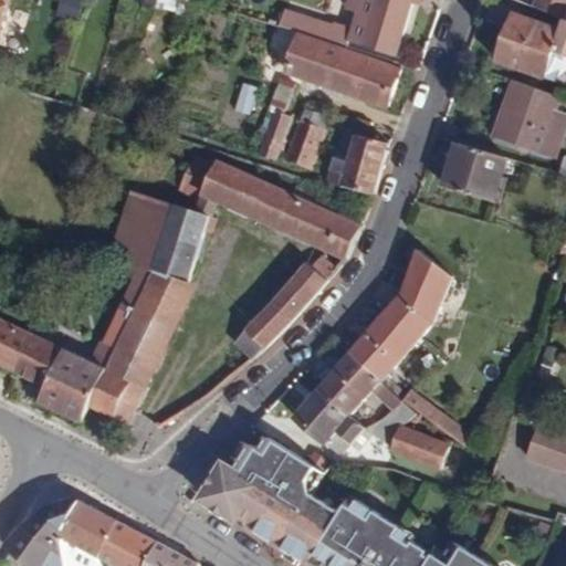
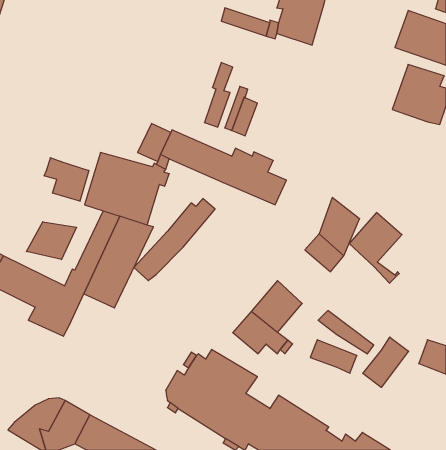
building: [284,36,397,106] -> none
building: [327,134,385,193] -> none
building: [442,143,504,200] -> none
building: none -> [44,158,89,201]
building: [232,256,334,359] -> [134,199,215,281]
building: none -> [26,222,77,260]
building: [348,313,415,401] -> [349,213,402,283]
building: [87,368,146,423] -> none
building: none -> [363,337,409,387]

